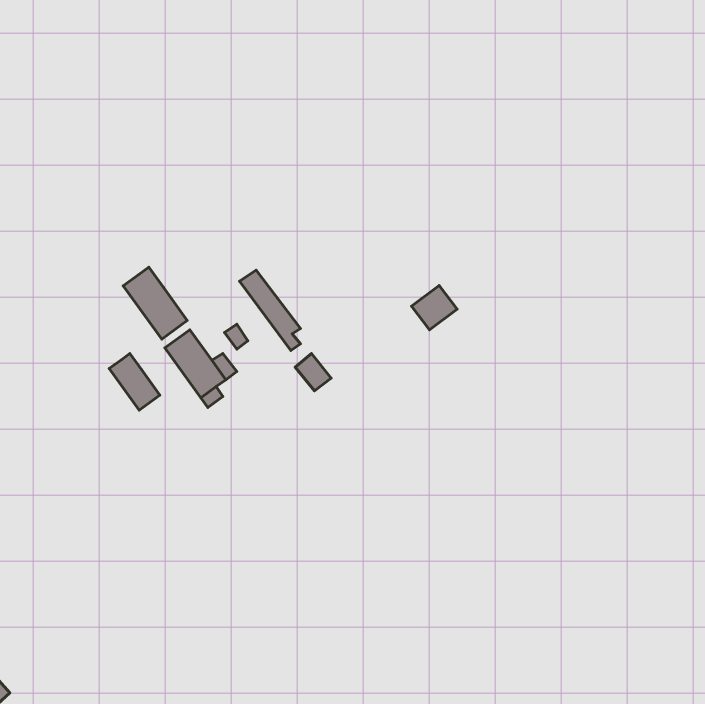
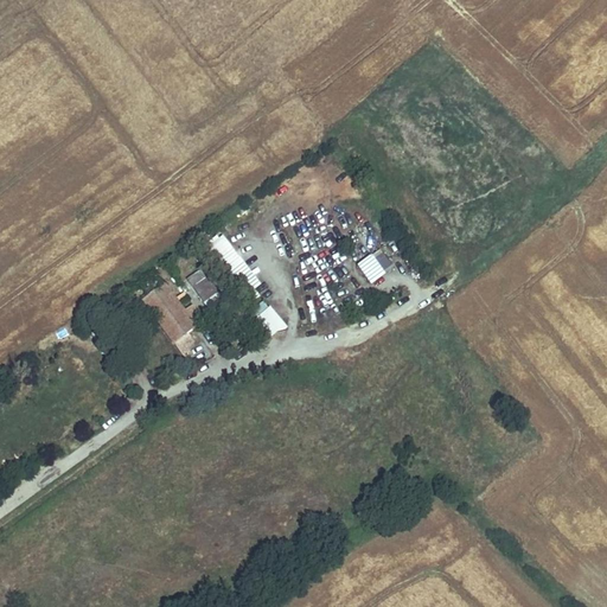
building: [123,267,187,339] -> none
building: [109,354,160,410] -> none

